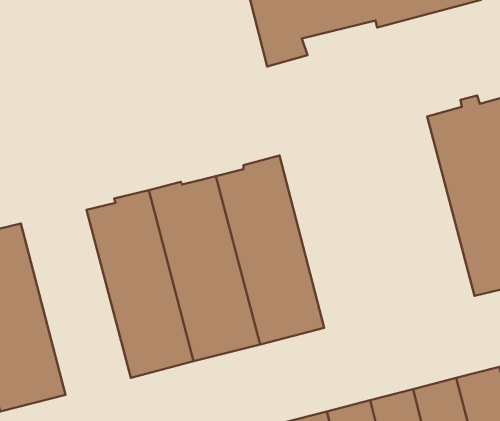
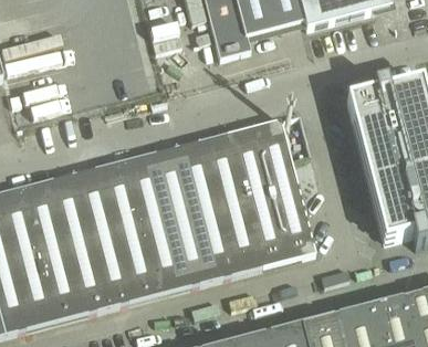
building: none -> [229,118,315,265]
building: none -> [23,171,111,318]

